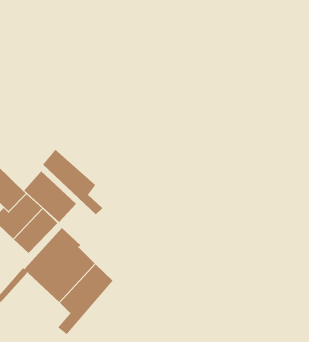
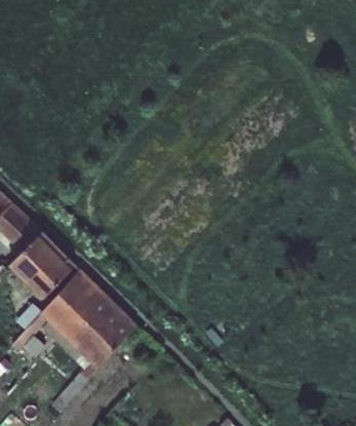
building: [42,149,103,215] -> none
building: [24,171,77,223] -> none

